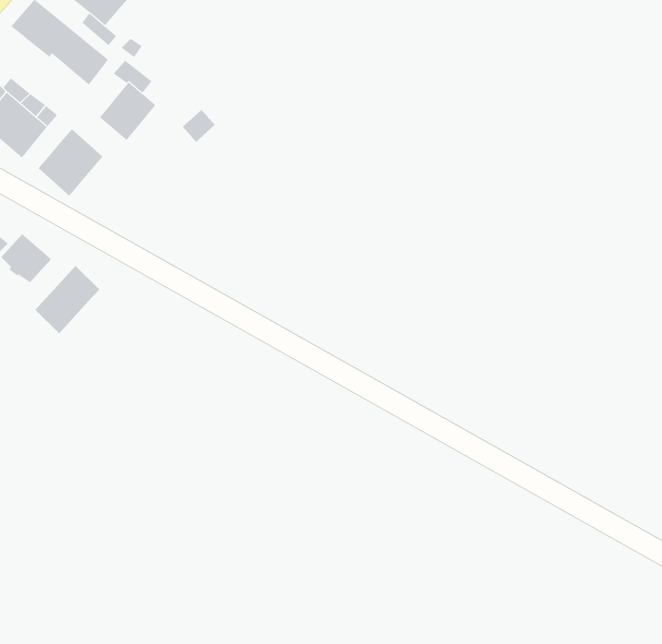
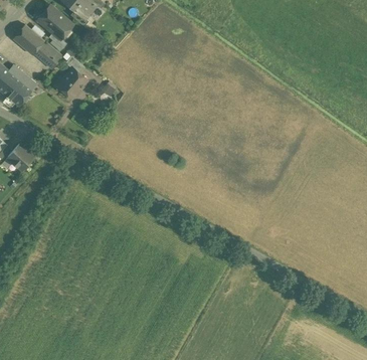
building: [38,128,103,196] -> none
building: [34,265,100,334] -> none

